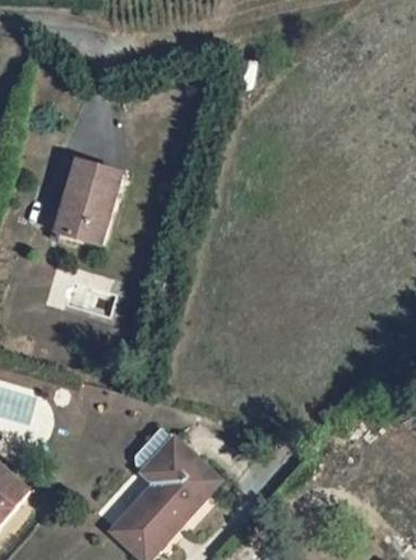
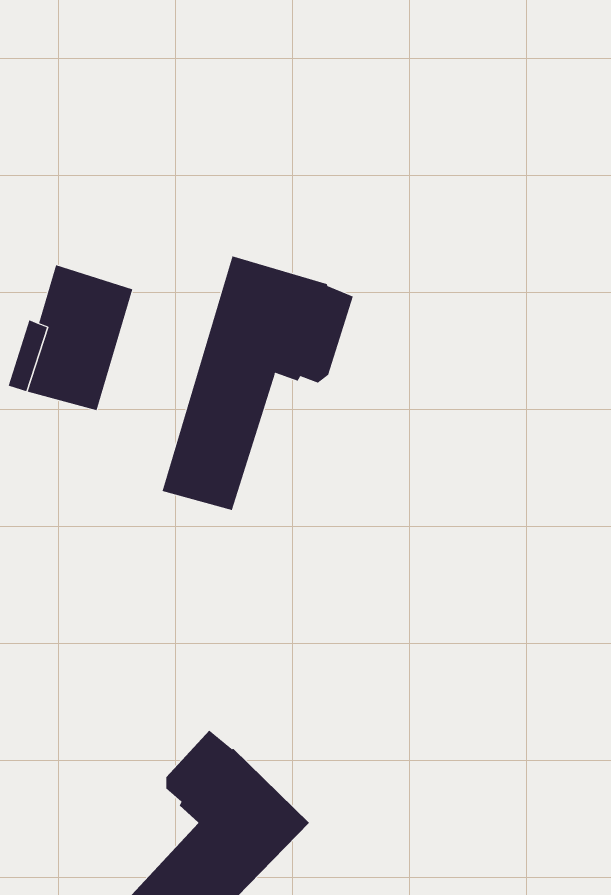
building: none -> [162,256,354,511]

